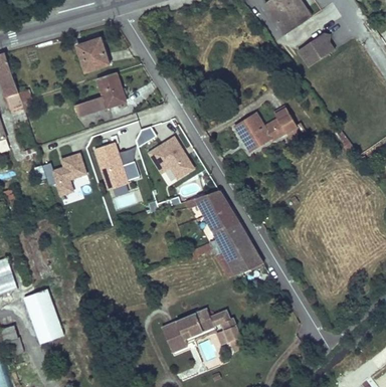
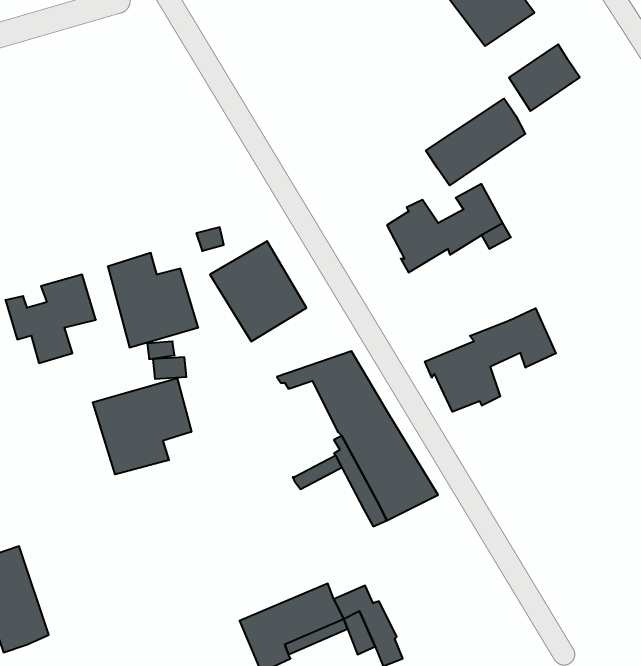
building: [77,37,109,71] -> none
building: none -> [426,99,525,185]
building: [75,71,126,118] -> none
building: none -> [425,308,556,412]
building: none -> [93,378,191,474]

